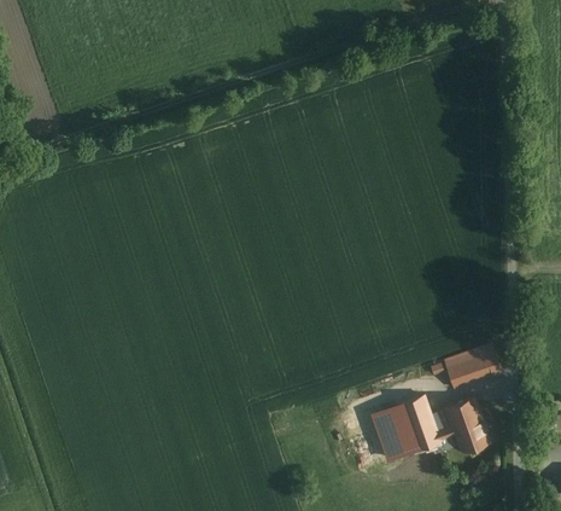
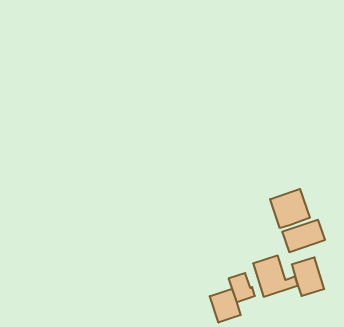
building: none -> [270,189,310,228]
building: none -> [210,289,241,323]

